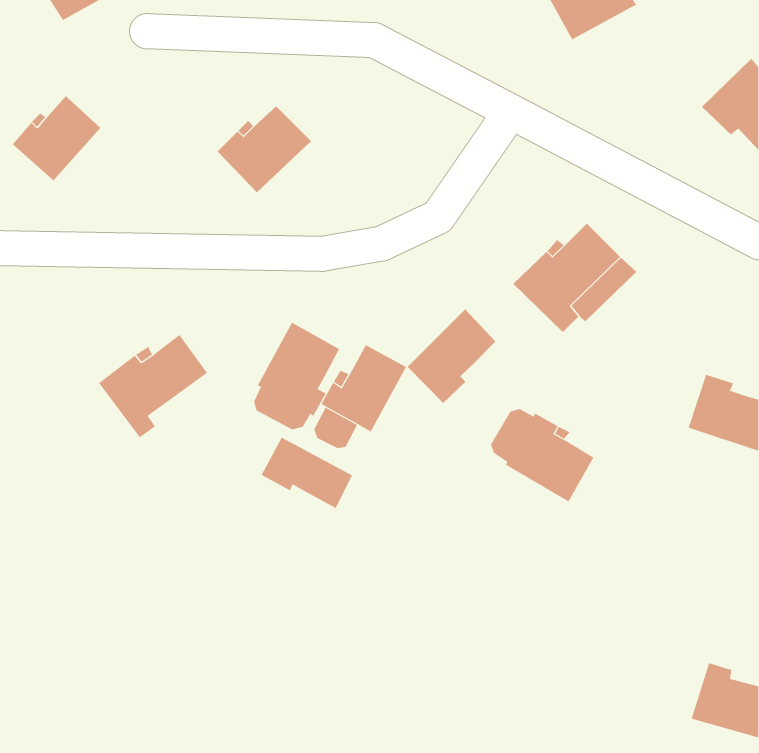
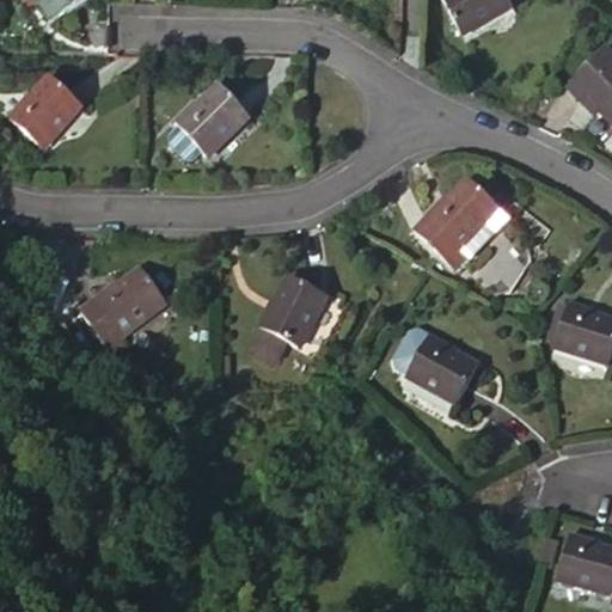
building: [407,309,496,404] -> none
building: [254,322,340,430] -> none
building: [261,437,353,509] -> none

